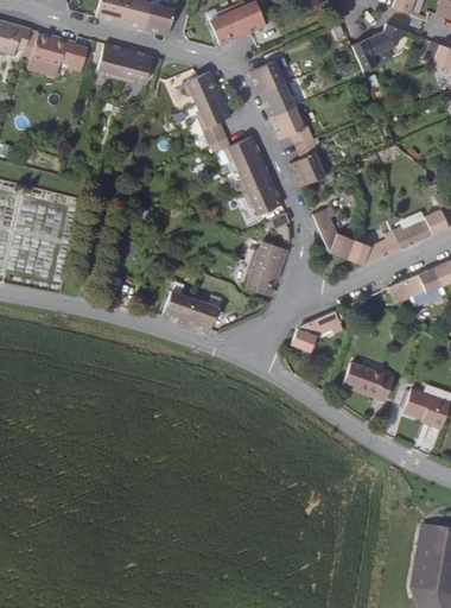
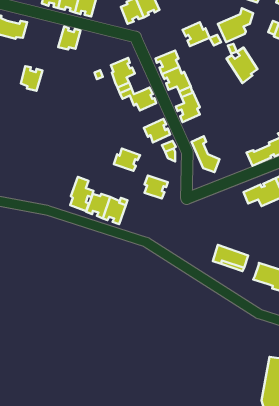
building: [99,42,129,77] -> [21,66,42,91]
building: [250,59,290,94] -> [182,22,210,46]
building: [184,70,222,103] -> none
building: none -> [227,47,258,83]
building: [239,158,273,194] -> none
building: [347,229,401,265] -> none
building: [250,240,288,272] -> [114,149,140,171]
building: none -> [70,177,93,211]
building: [291,310,343,352] -> none

